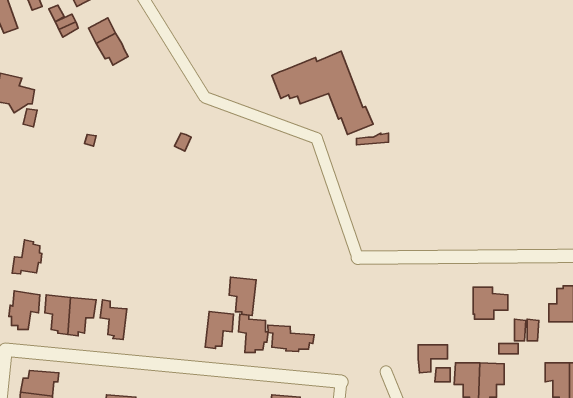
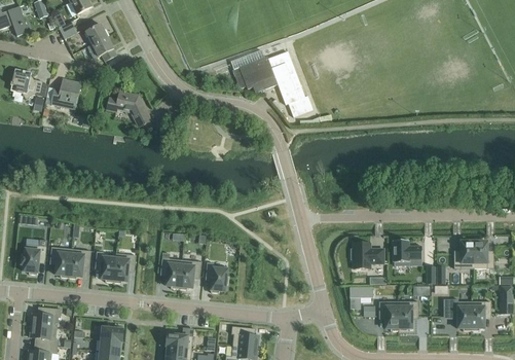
building: none -> [50,79,81,109]
building: none -> [107,91,151,128]
building: [12,240,42,274] -> none
building: [229,277,256,316] -> [160,257,182,288]
building: none -> [351,242,384,267]
building: none -> [113,253,136,283]
building: [268,325,314,351] -> none

